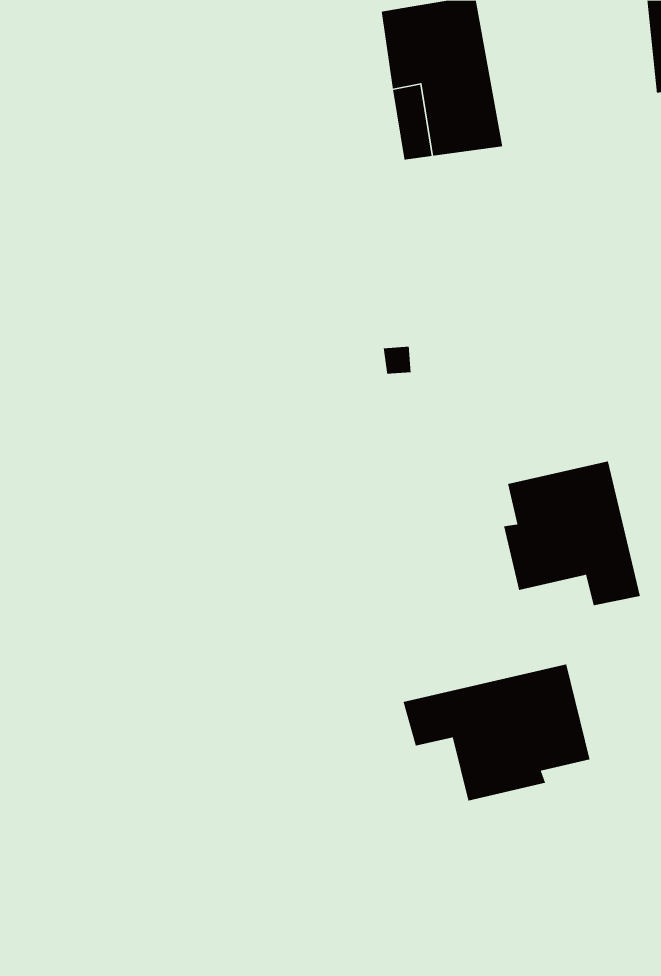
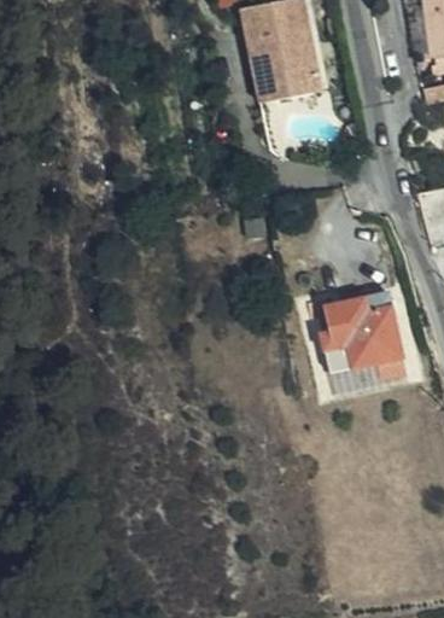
building: [403,663,590,802] -> none

